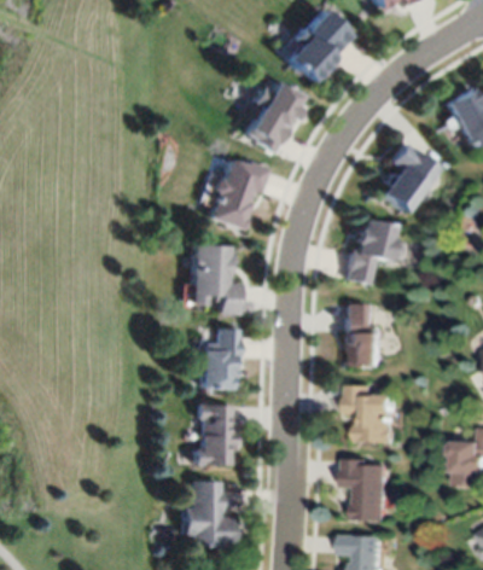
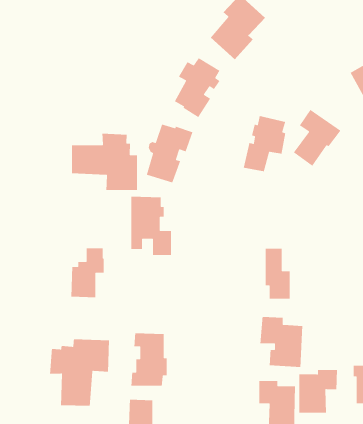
building: none -> [71,133,138,191]
building: [347,217,397,284] -> [243,115,286,172]
building: [199,328,239,388] -> [70,248,105,298]
building: none -> [49,338,110,407]
building: none -> [299,369,338,413]

